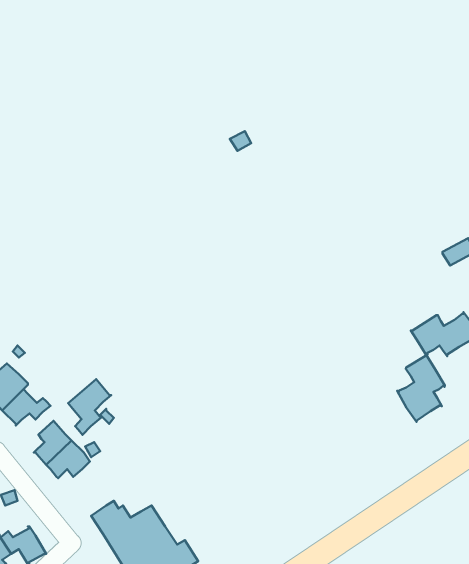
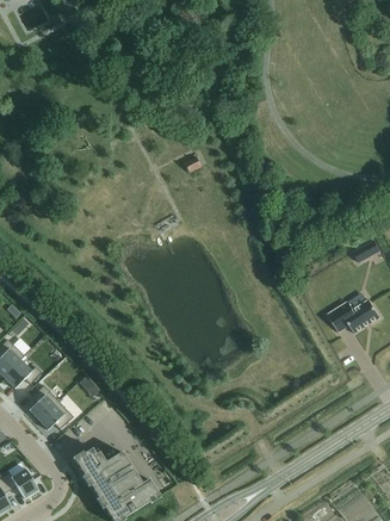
building: [397,354,445,422] -> none
building: [68,379,111,435] -> none

